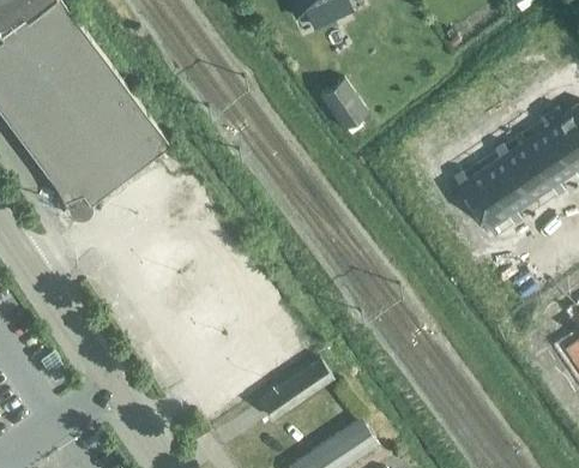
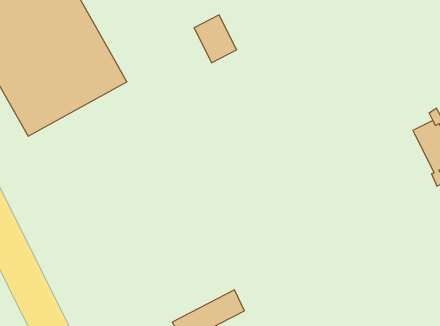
building: [320,78,367,128] -> [194,15,237,63]
building: [456,170,509,224] -> none

